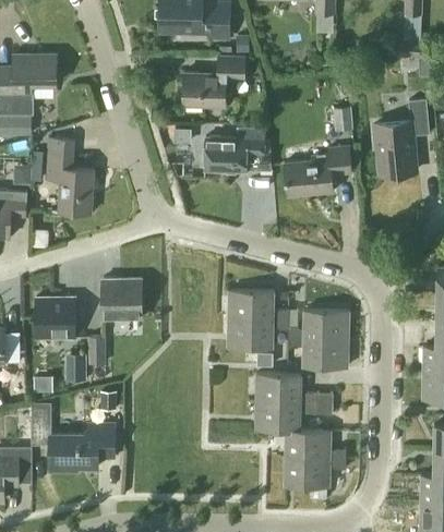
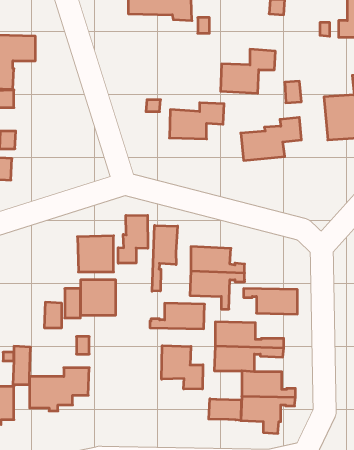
building: [183,57,244,106] -> [221,49,275,93]
building: [46,137,93,214] -> none
building: none -> [118,215,148,263]
building: none -> [152,225,178,291]
building: [36,299,75,338] -> [81,280,116,315]
building: [287,311,348,339] -> [150,303,205,329]
building: none -> [162,346,203,389]
building: none -> [209,399,241,420]

